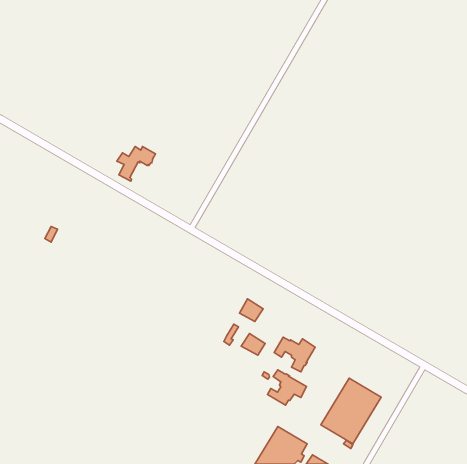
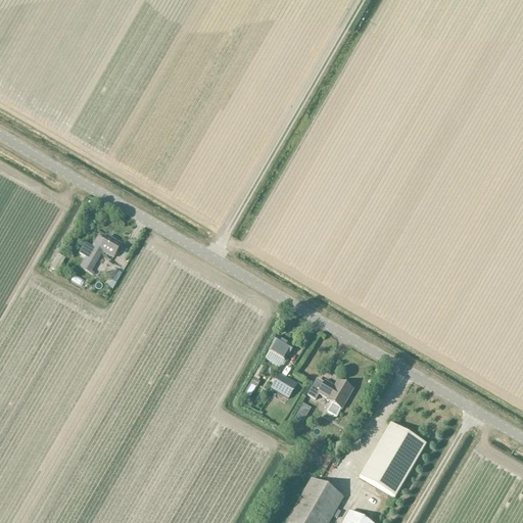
building: [117,146,155,181] -> [78,235,121,274]
building: [268,370,306,405] -> none

